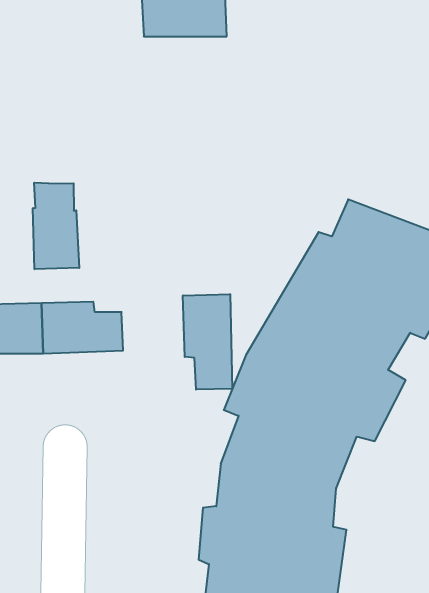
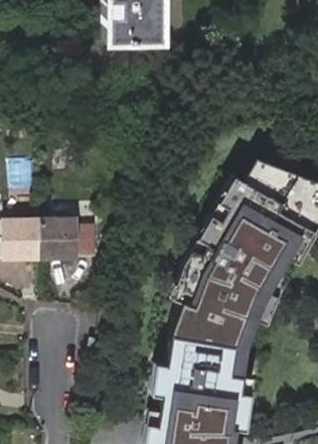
building: [33,183,79,269] -> none
building: [183,294,232,390] -> none

